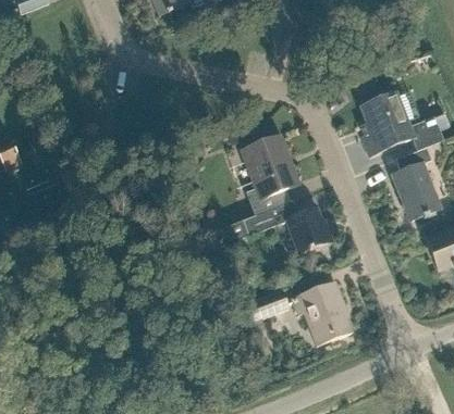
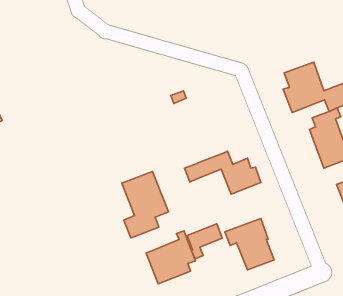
building: [244,135,300,215] -> [122,171,169,238]
building: none -> [146,231,196,284]

